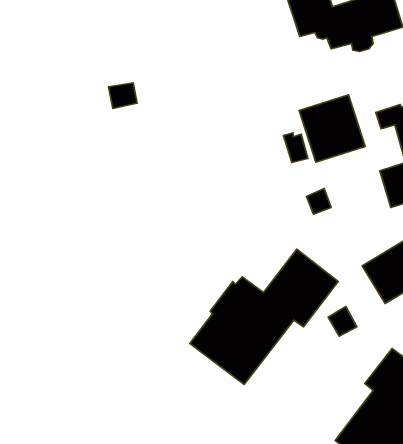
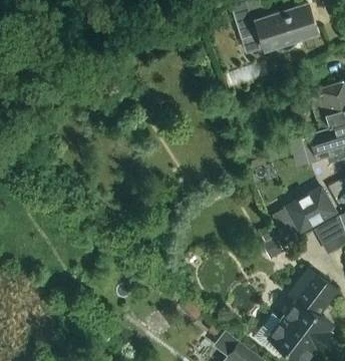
building: [299,95,365,162] -> none
building: [190,249,338,384] -> none

